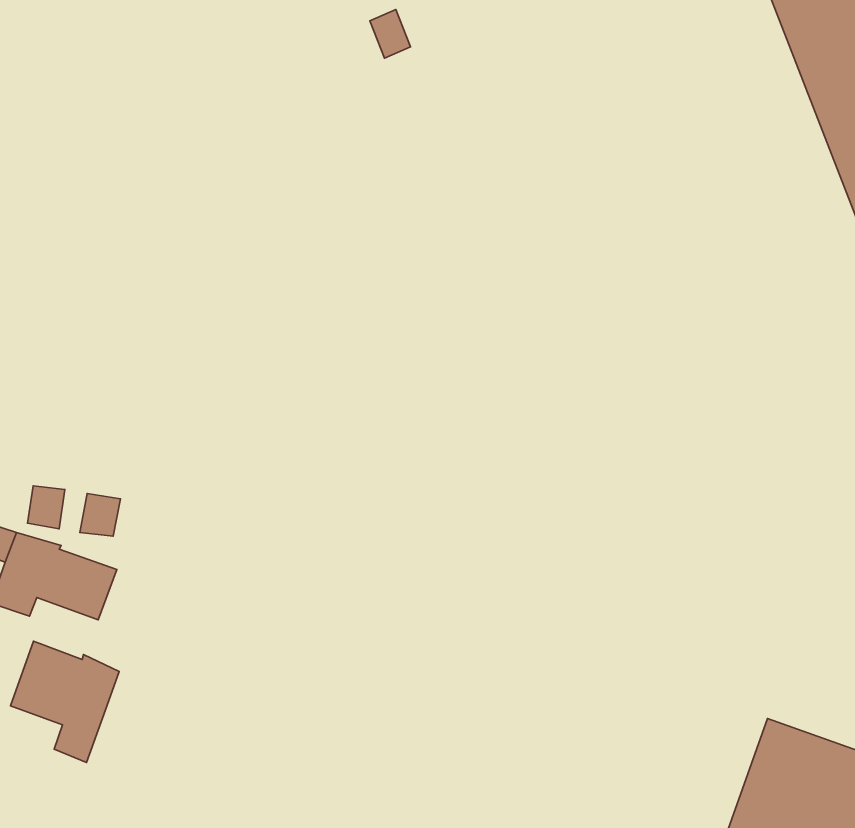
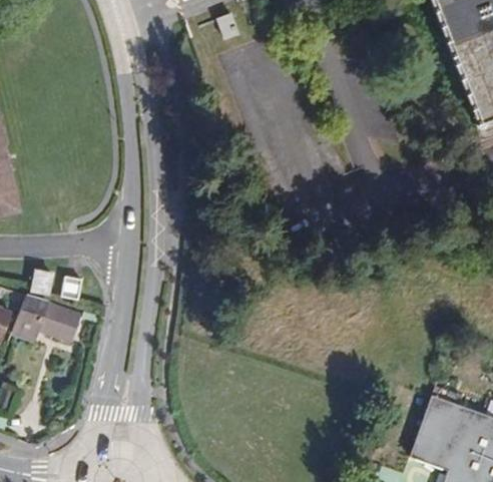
building: [10,641,119,762] -> none

